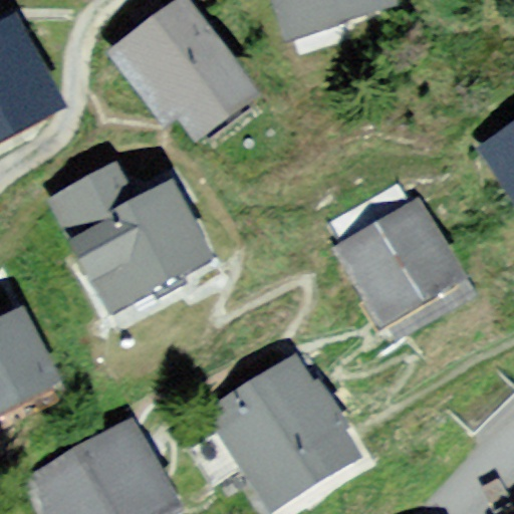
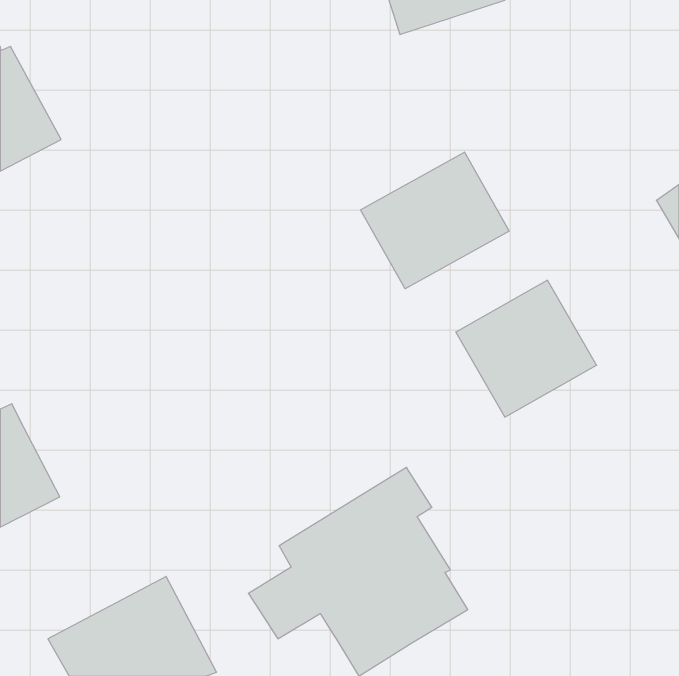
building: [119,15,243,130] -> none
building: none -> [361,152,509,289]
building: [62,170,198,302] -> none

